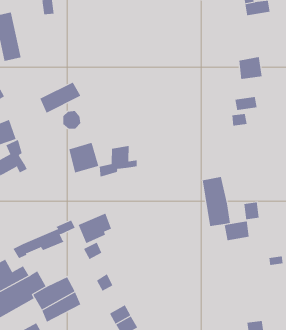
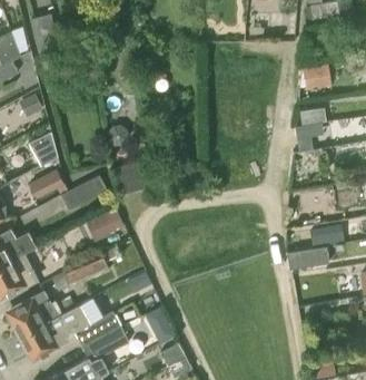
building: [39,82,81,114] -> [59,176,106,212]
building: [99,145,137,178] -> none
building: [202,176,231,227] -> none
building: [78,213,112,244] -> [85,208,122,243]

